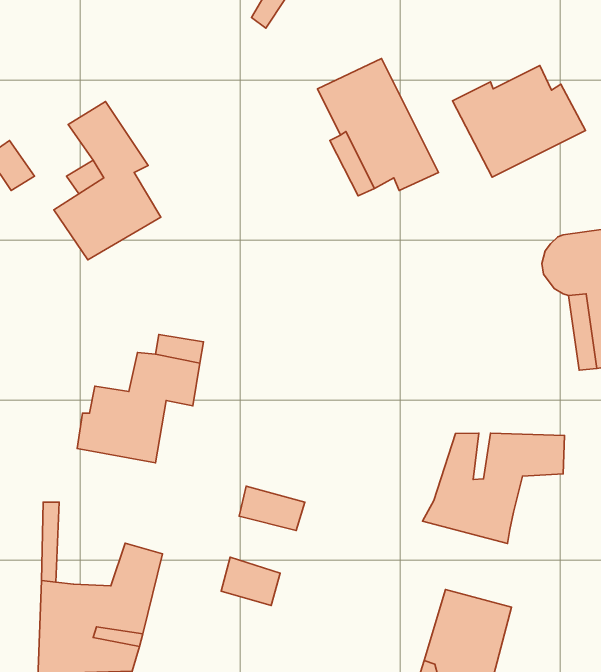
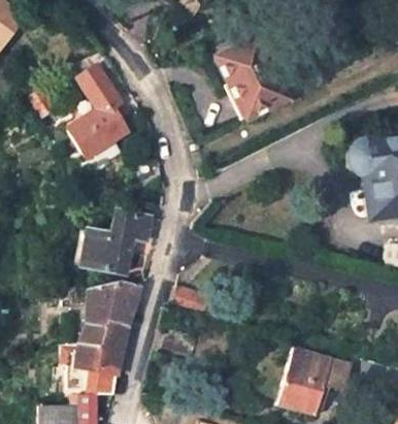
building: [453,66,585,177] -> none
building: [423,433,564,543] -> none
building: none -> [78,282,140,345]

